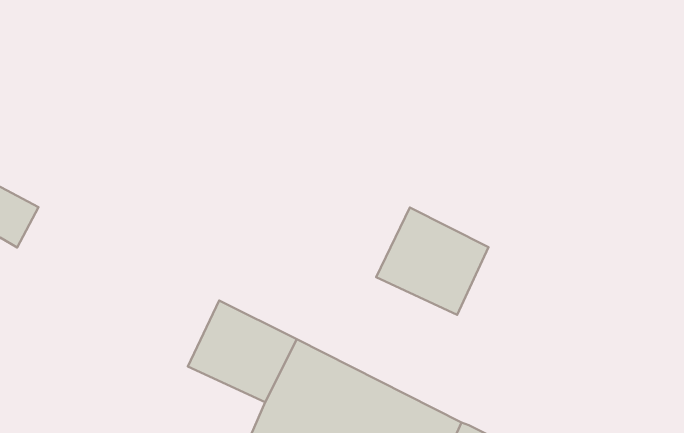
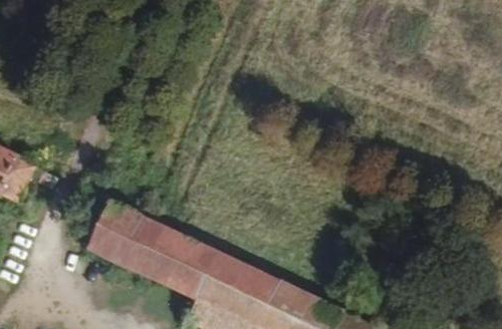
building: [376,208,489,315] -> none
building: none -> [84,196,161,270]

